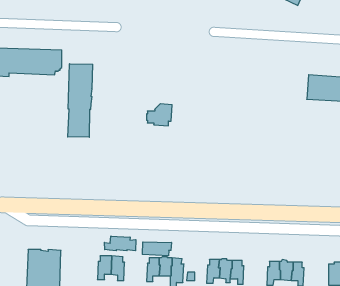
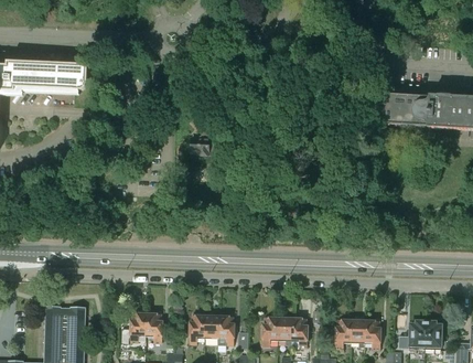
building: [68,64,93,137] -> none
building: [104,236,136,251] -> none
building: [142,242,171,256] -> none

